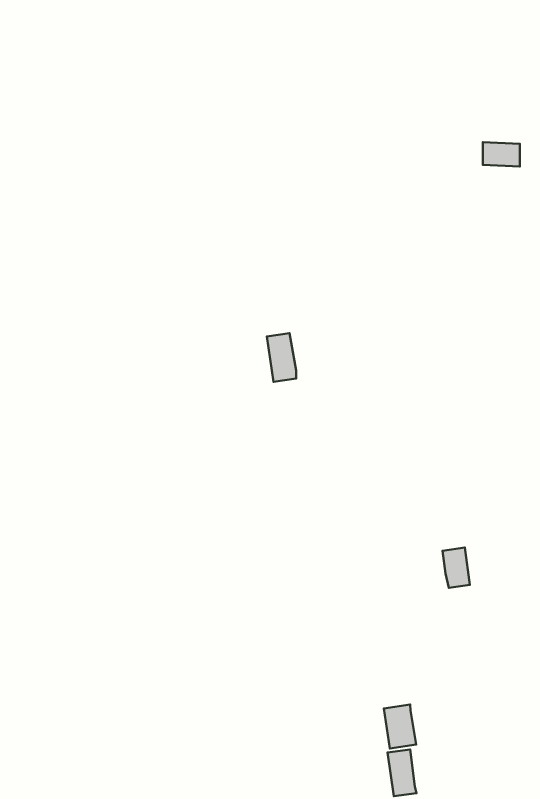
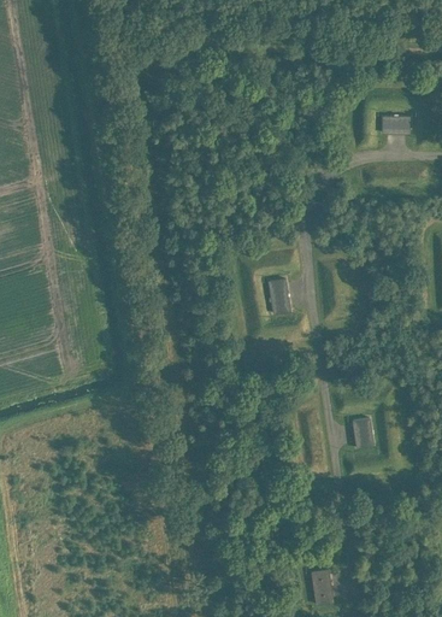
building: [267,333,296,382] -> [267,278,289,315]
building: [384,704,416,748] -> none

